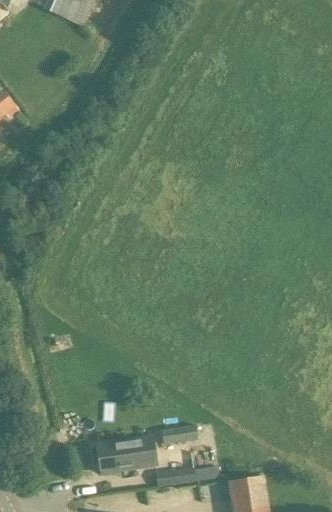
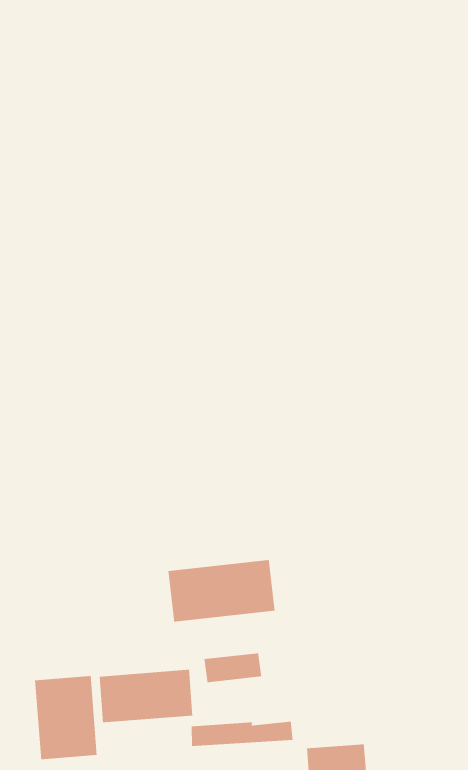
building: none -> [167,559,276,622]
building: none -> [34,675,98,760]

